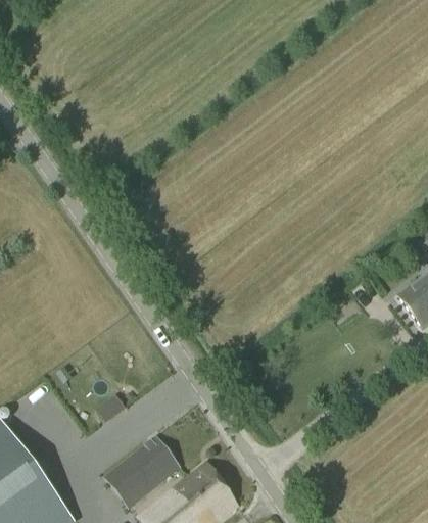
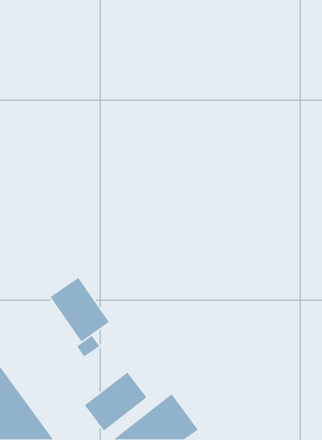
building: none -> [50,277,110,342]

